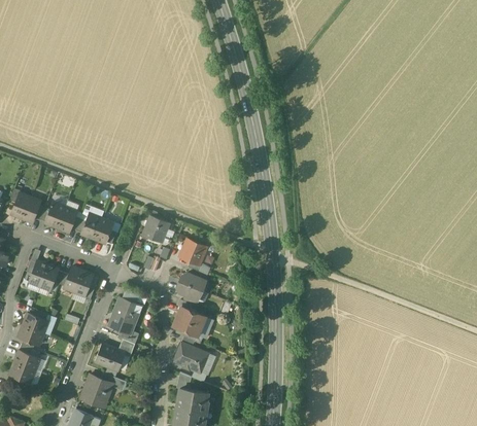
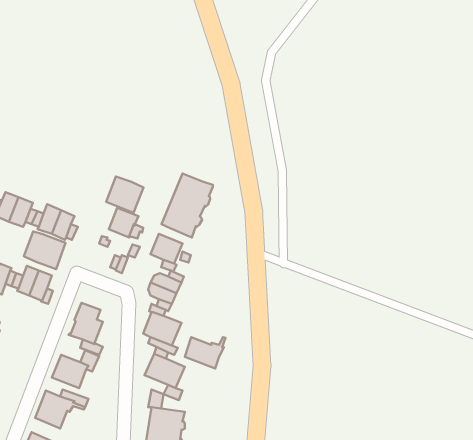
building: none -> [162,173,213,238]
building: none -> [106,176,143,213]
building: none -> [24,232,66,269]
building: none -> [185,337,226,369]

